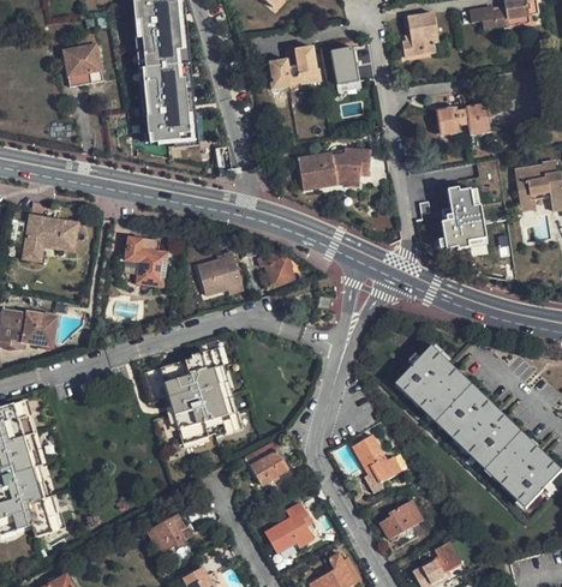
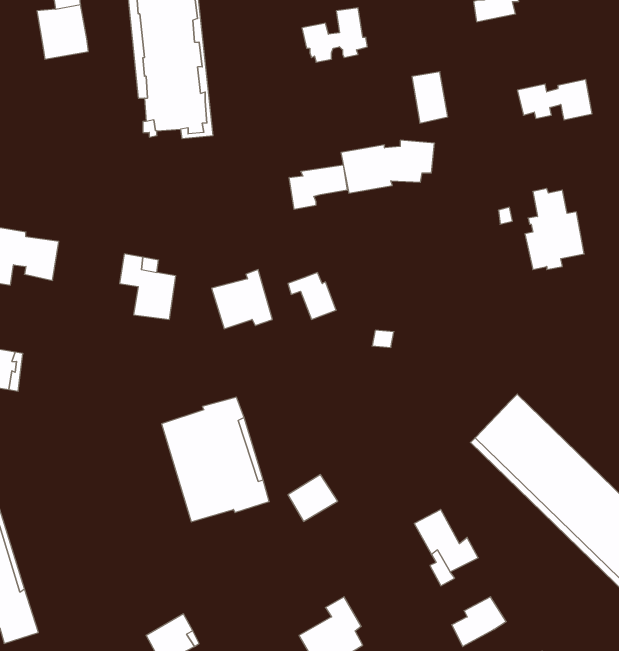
building: [329,47,357,86] -> [412,72,448,123]
building: none -> [289,165,347,209]
building: [250,448,288,484] -> [288,475,338,521]

